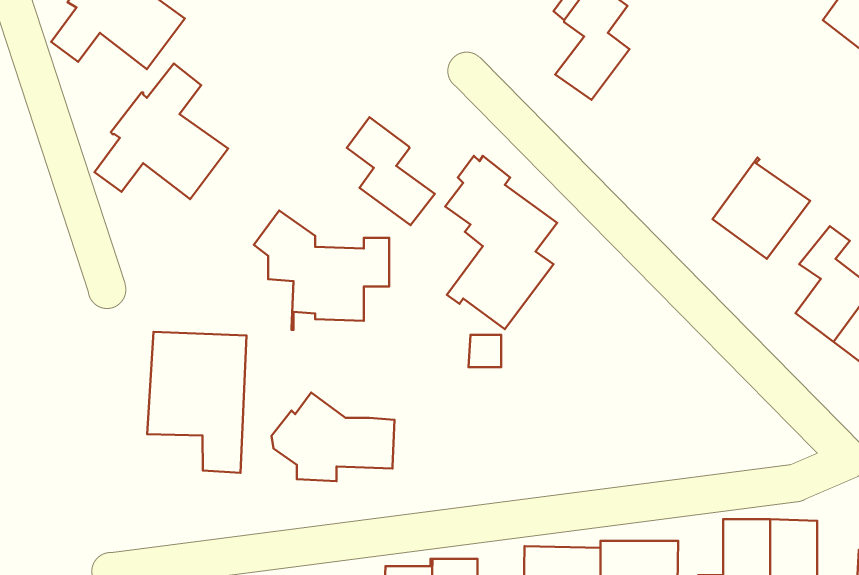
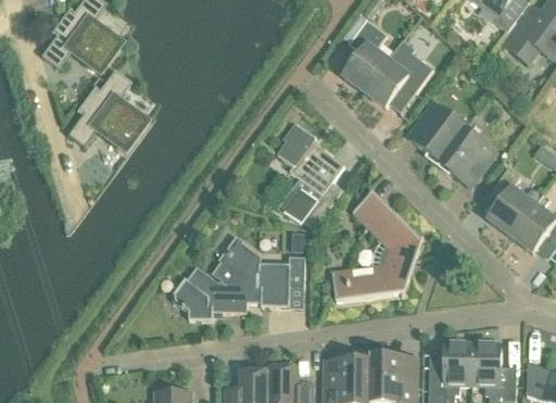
building: none -> [365,52,433,106]
building: [347,117,435,225] -> none
building: none -> [407,101,465,162]
building: [254,211,389,330] -> [223,240,304,312]
building: none -> [332,190,421,300]
building: [147,332,247,473] -> none

